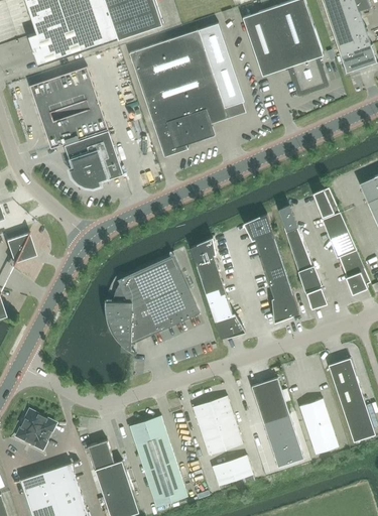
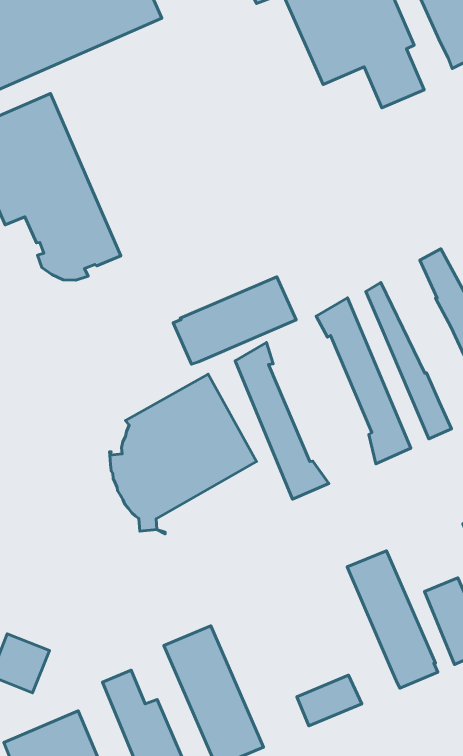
building: [129,23,246,157] -> none
building: none -> [173,277,296,364]
building: [193,396,243,456] -> none

